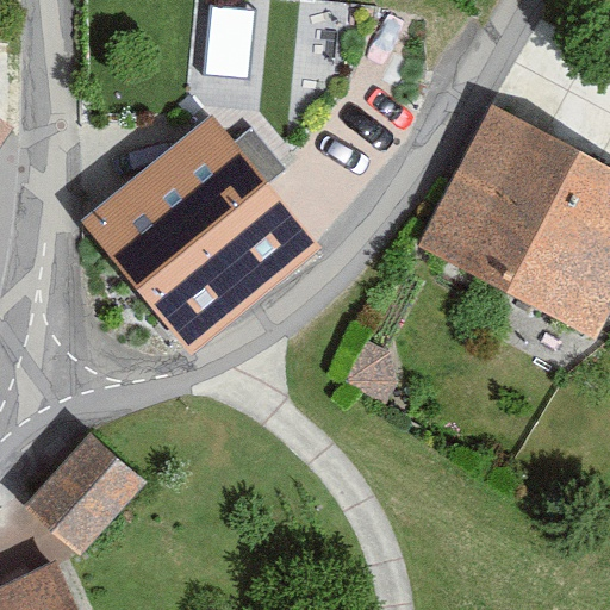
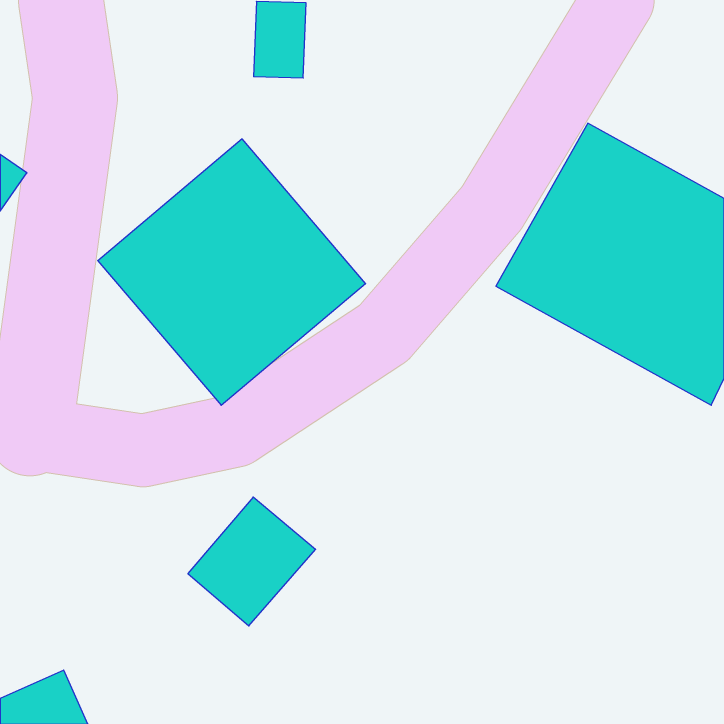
building: [32,437,139,546] -> [188,497,316,626]

